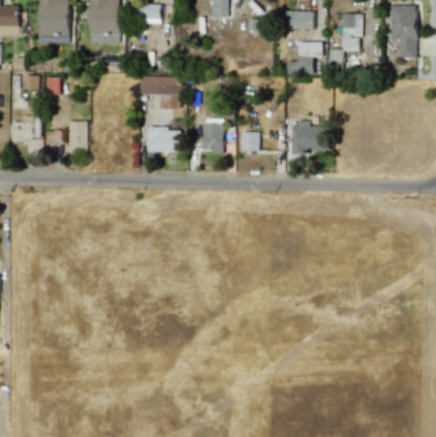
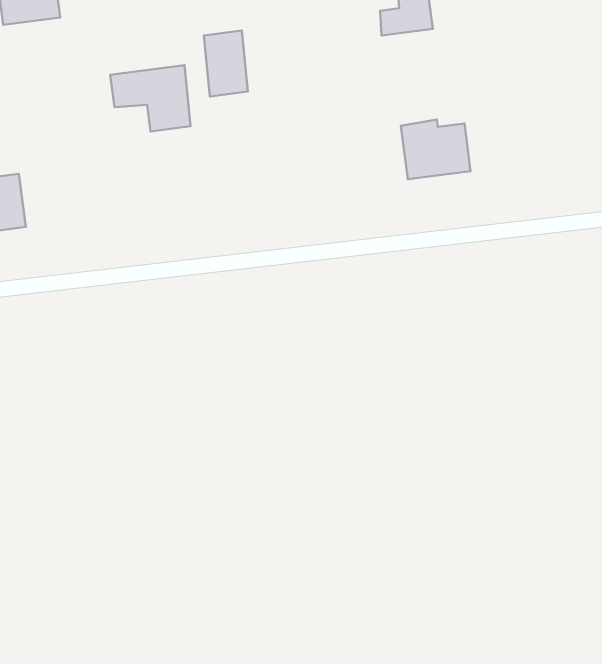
building: [202,119,223,151] -> [204,30,248,96]
building: [146,126,180,152] -> none
building: [240,132,259,153] -> none

